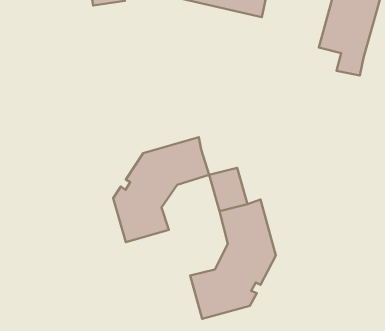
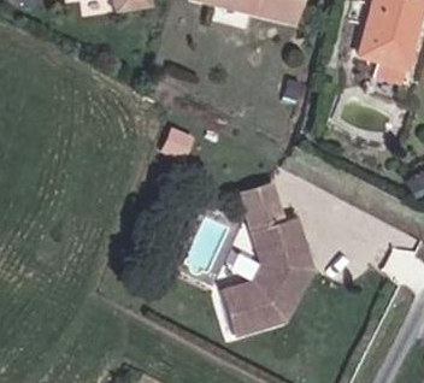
building: [113,137,209,242] -> none

